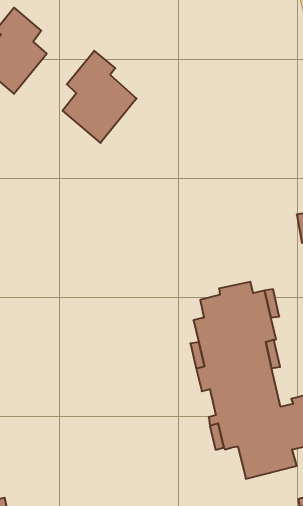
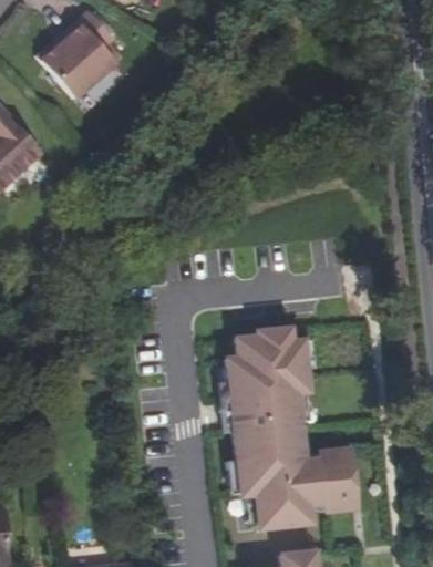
building: [63,51,137,143] -> none

